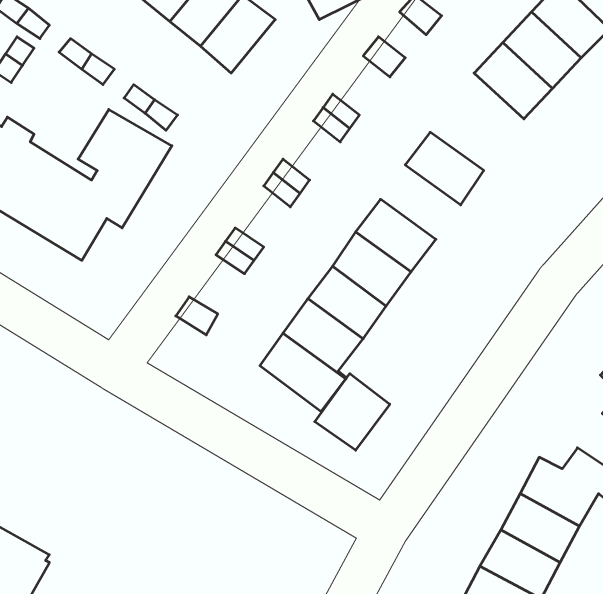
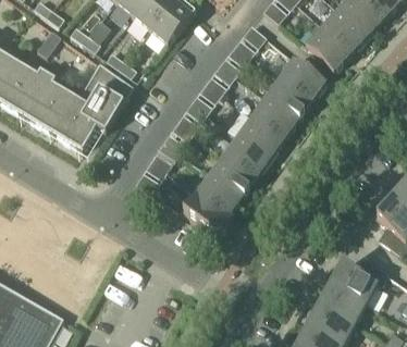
building: none -> [280,58,324,99]
building: none -> [251,96,297,138]
building: [315,374,390,450] -> none

